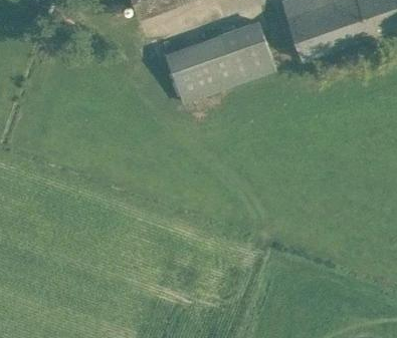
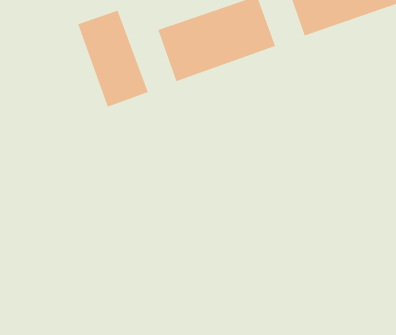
building: none -> [77,10,148,107]

